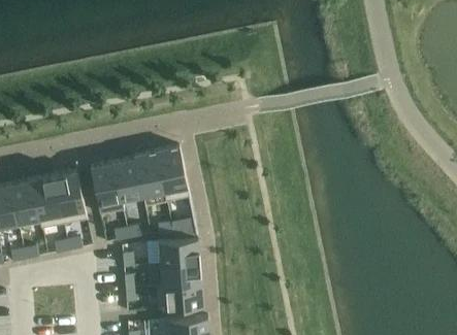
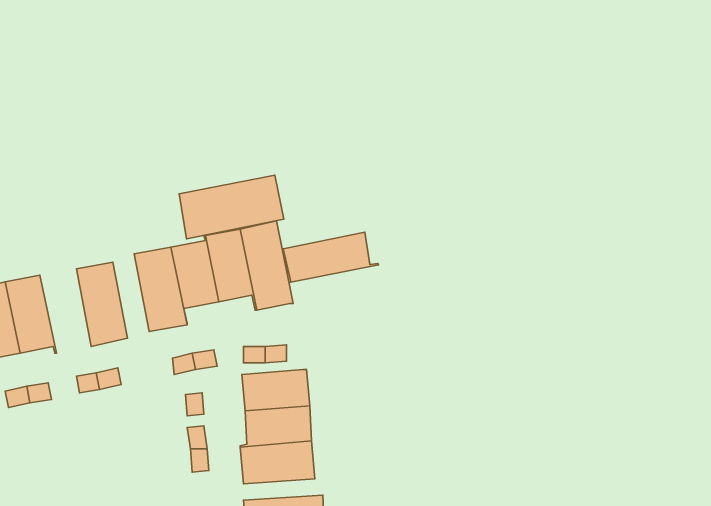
building: none -> [179,175,284,239]
building: none -> [283,232,378,283]
building: [31,175,63,228] -> none

